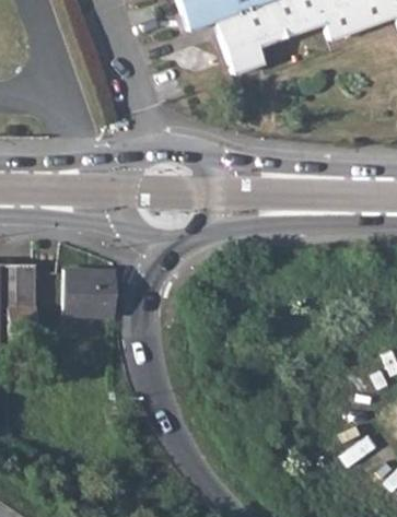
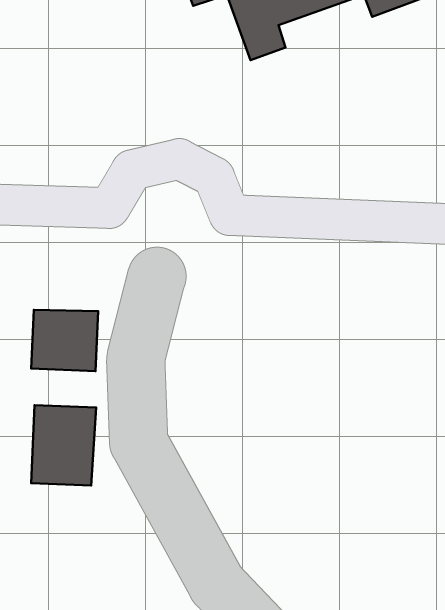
building: none -> [31,405,96,485]

